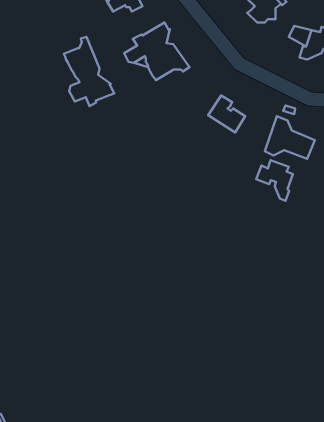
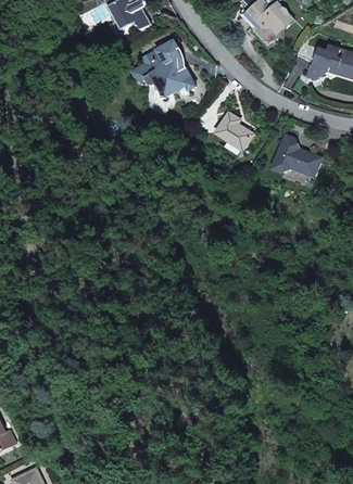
building: [64,37,114,106] -> none
building: [256,160,293,201] -> none

